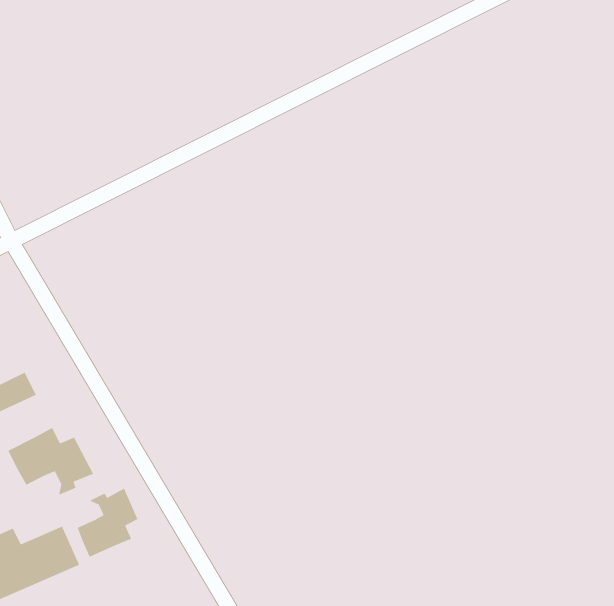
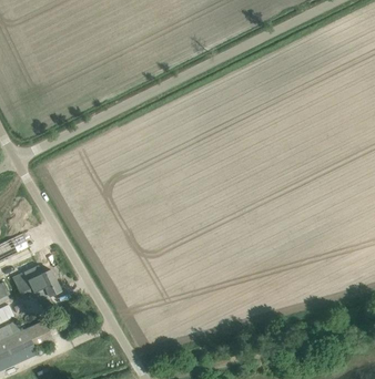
building: [76,487,138,558] -> none

